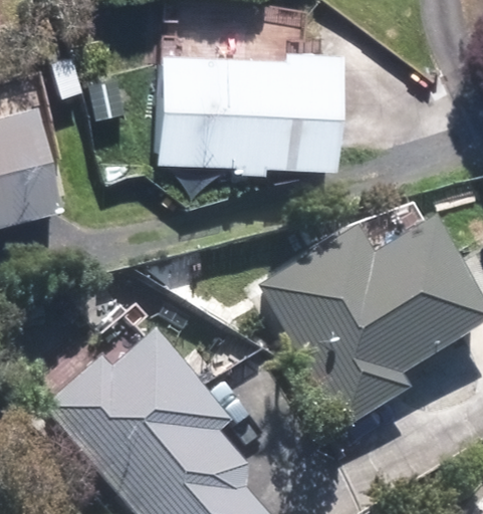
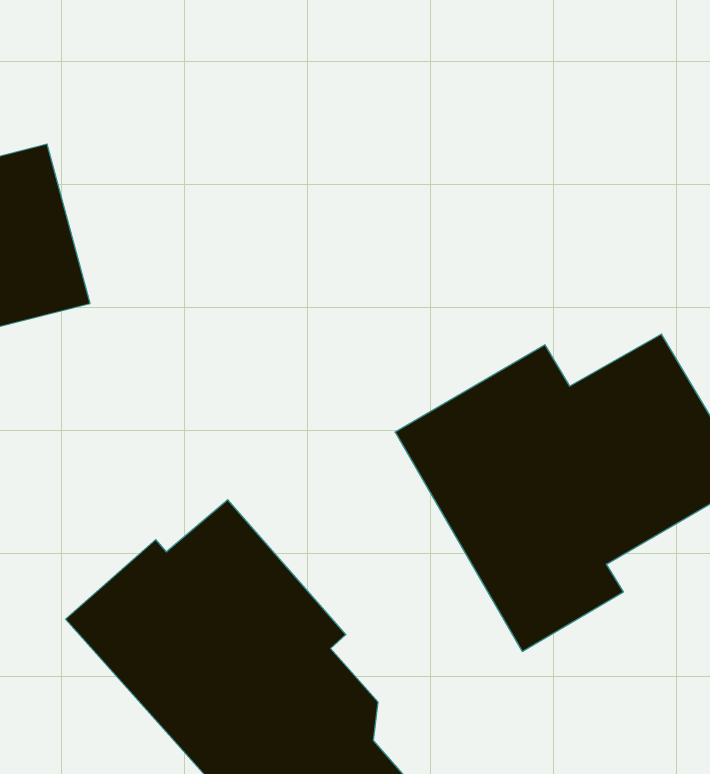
building: [162,50,341,160] -> none

